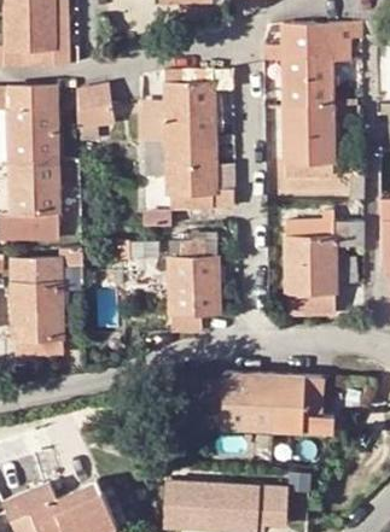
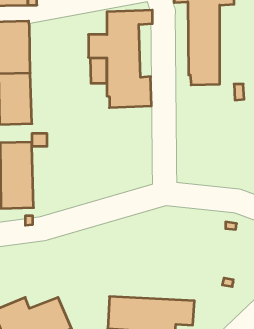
building: [76,84,111,128] -> none
building: [286,210,363,314] -> none
building: [169,241,217,332] -> none
building: [223,373,334,432] -> none

